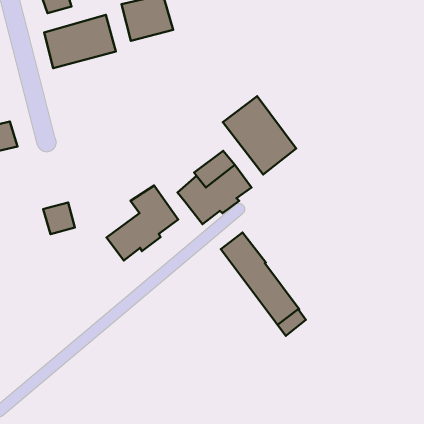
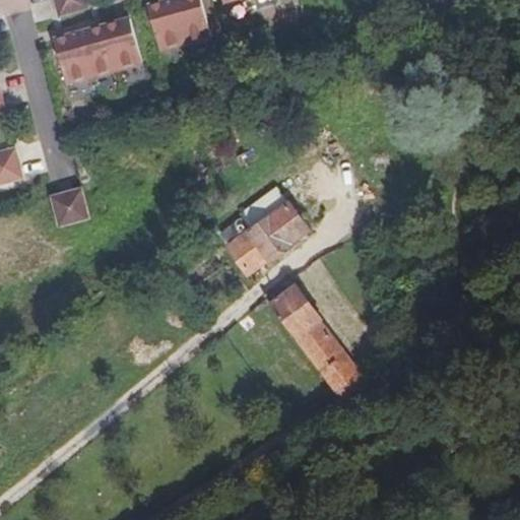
building: [223,96,296,175] -> none
building: [106,186,178,260] -> none
building: [43,202,75,234] -> [49,186,87,224]

